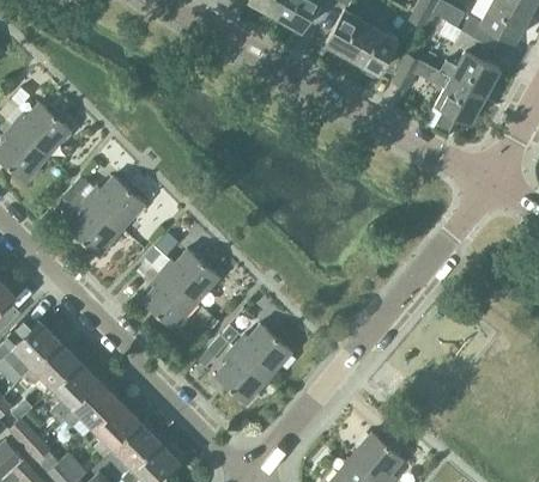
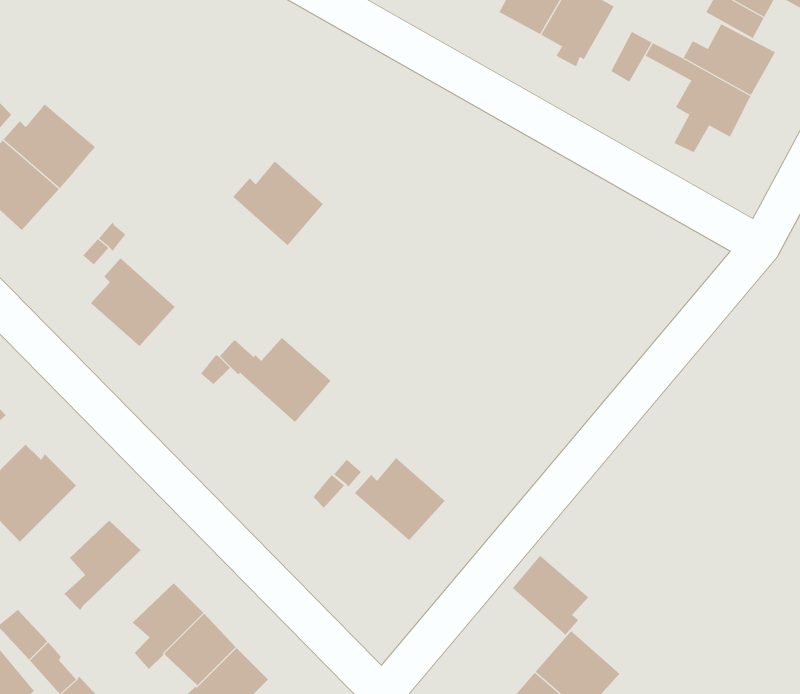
building: [86,176,144,230] -> [233,161,324,246]
building: [141,271,196,328] -> none
building: [23,342,79,388] -> none
building: [214,347,268,403] -> none
building: [63,383,120,428] -> none
building: none -> [512,555,589,636]

